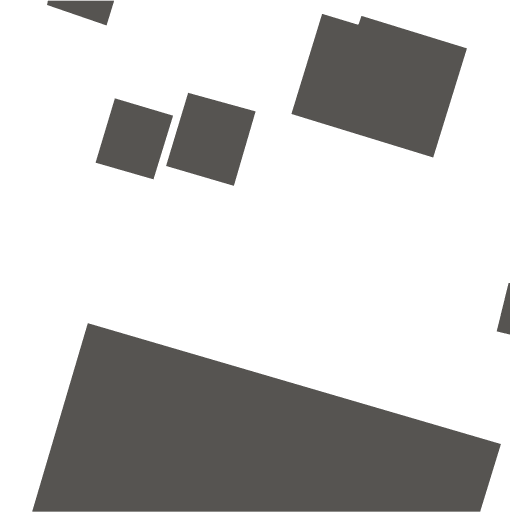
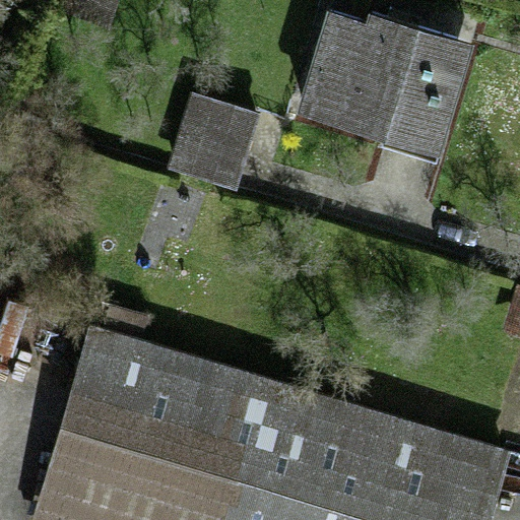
building: [95,98,174,180] -> none

